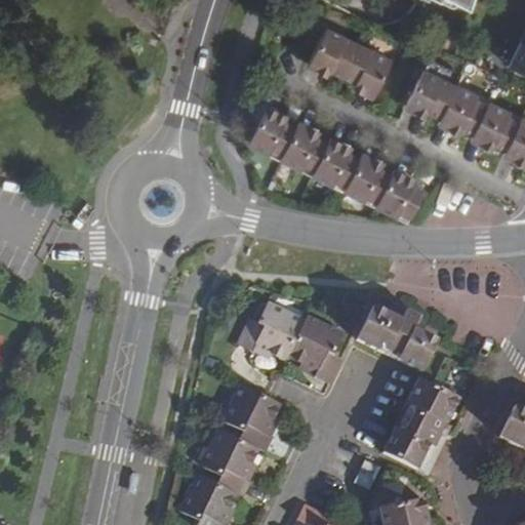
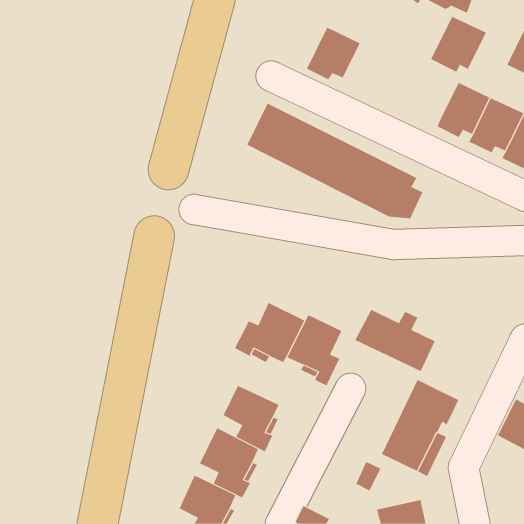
building: [344,43,394,102] -> none
building: [402,66,458,122] -> [430,16,487,73]

